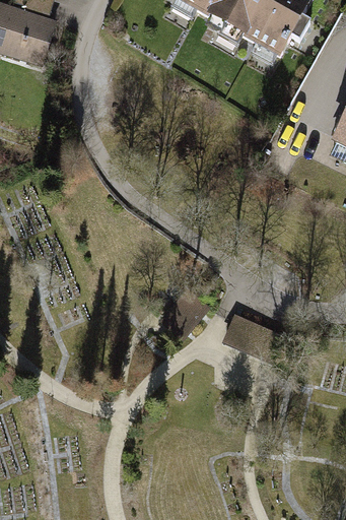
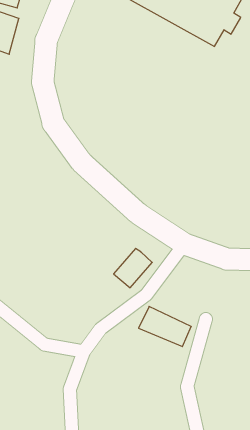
building: [225,314,286,361] -> [139,306,191,347]

